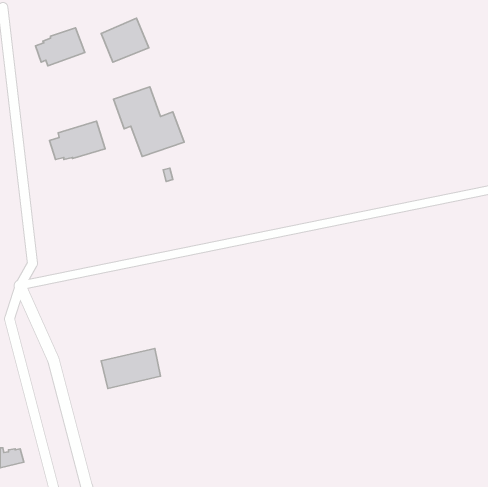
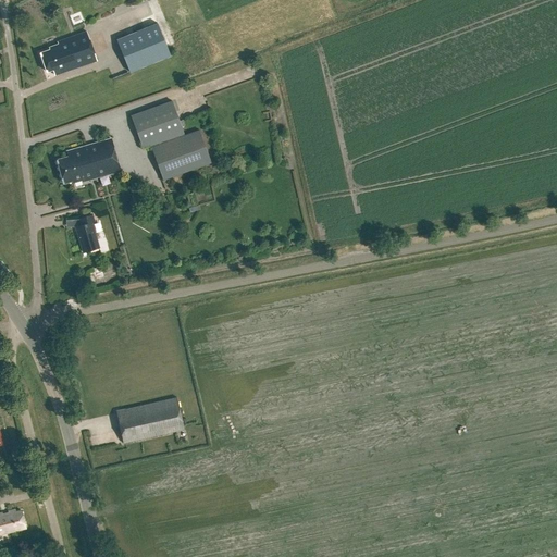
building: none -> [75,214,99,251]

